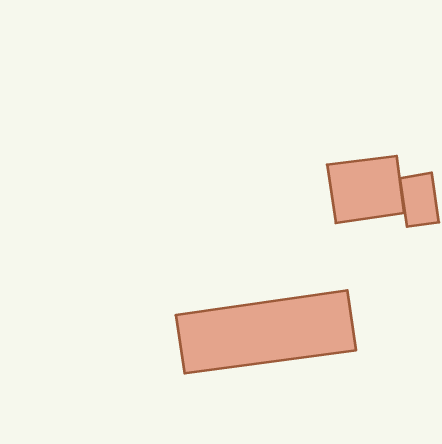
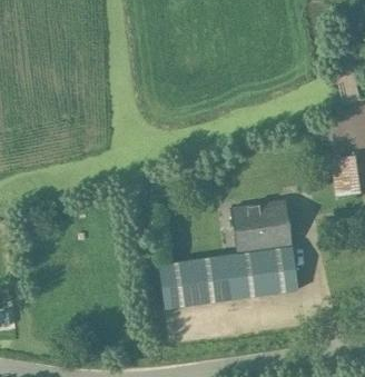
building: [327,156,404,223] -> [230,201,289,252]

